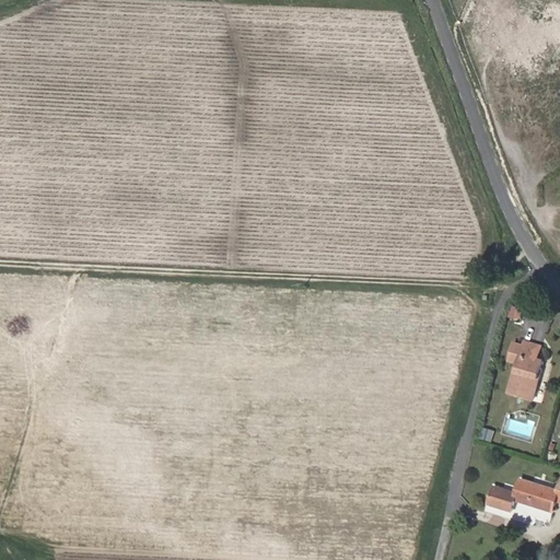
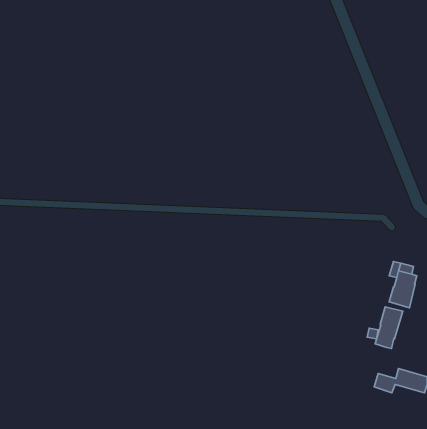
building: none -> [375,307,403,348]

